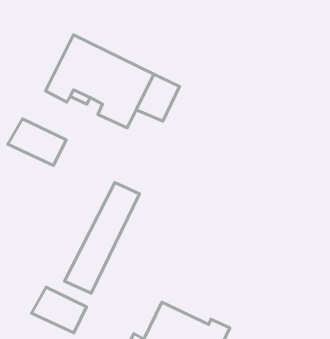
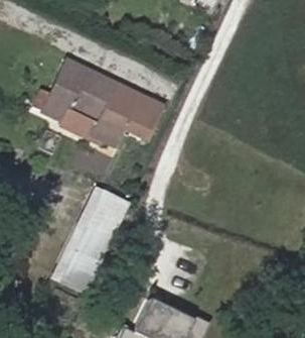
building: [8,119,66,166] -> none
building: [32,287,86,333] -> none

